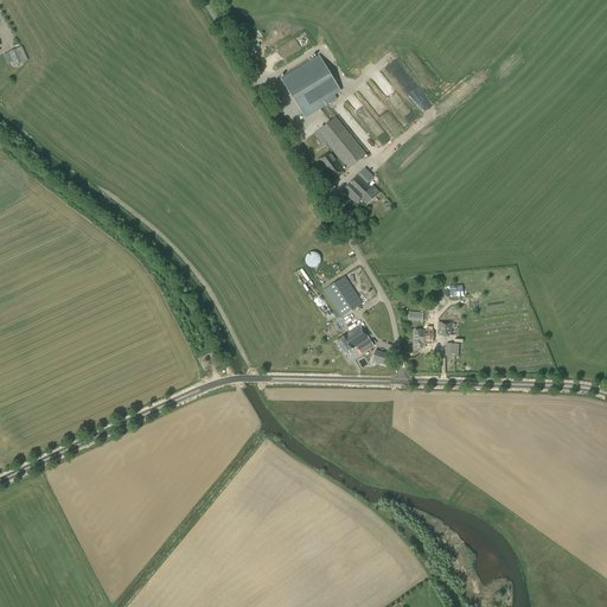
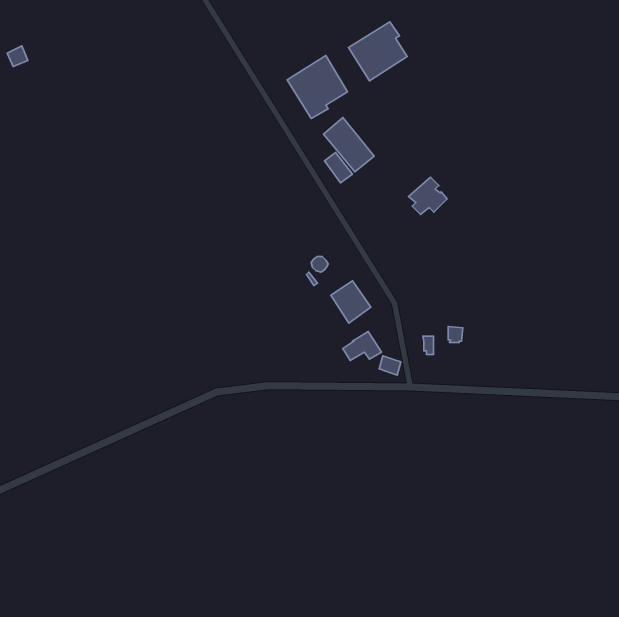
building: none -> [349,22,407,81]
building: [341,171,379,207] -> [409,177,447,215]

